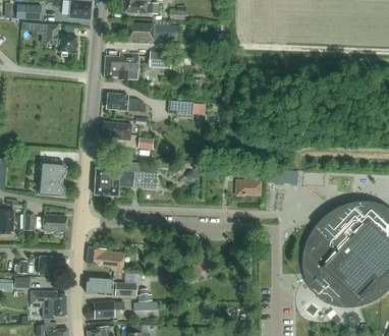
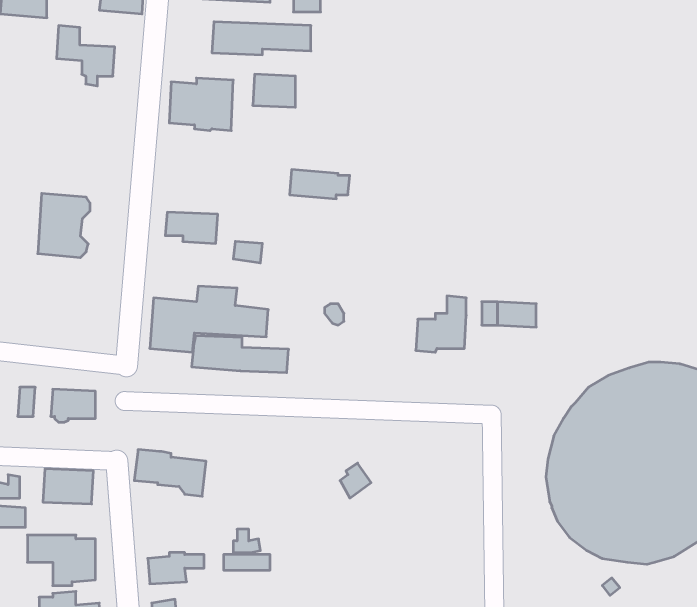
building: [106,93,146,112] -> none
building: [39,163,66,197] -> [38,193,90,258]
building: [86,277,136,296] -> [192,336,289,373]

